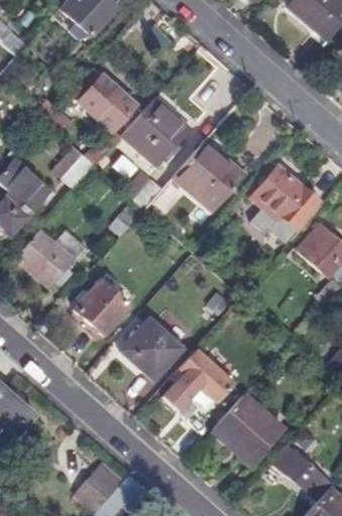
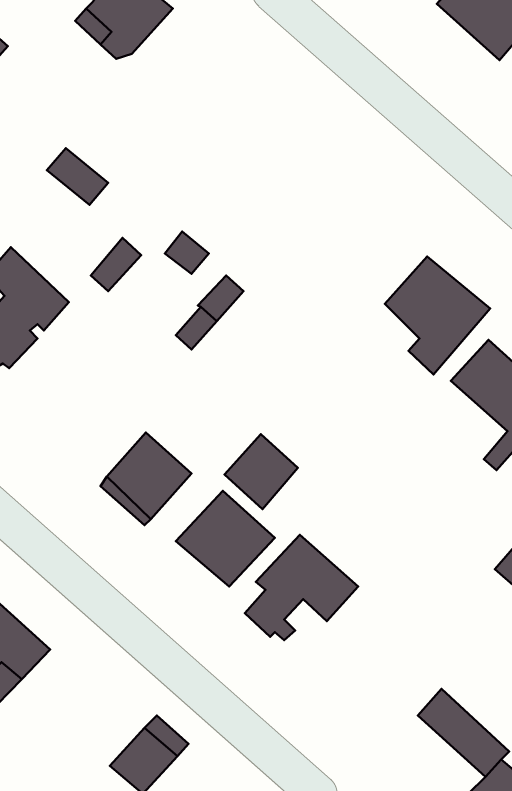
building: [74,71,136,131] -> none
building: [124,98,192,166] -> none
building: [176,143,243,211] -> none
building: [16,230,76,288] -> none
building: none -> [224,434,298,509]
building: [212,394,283,465] -> none

